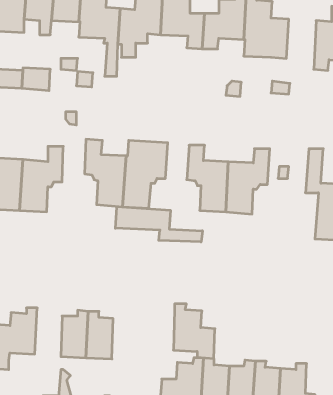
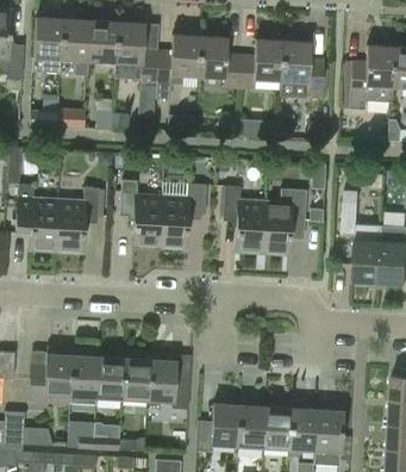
building: [115,207,202,242] -> none
building: [173,304,215,358] -> [148,354,189,409]
building: none -> [70,349,98,403]

